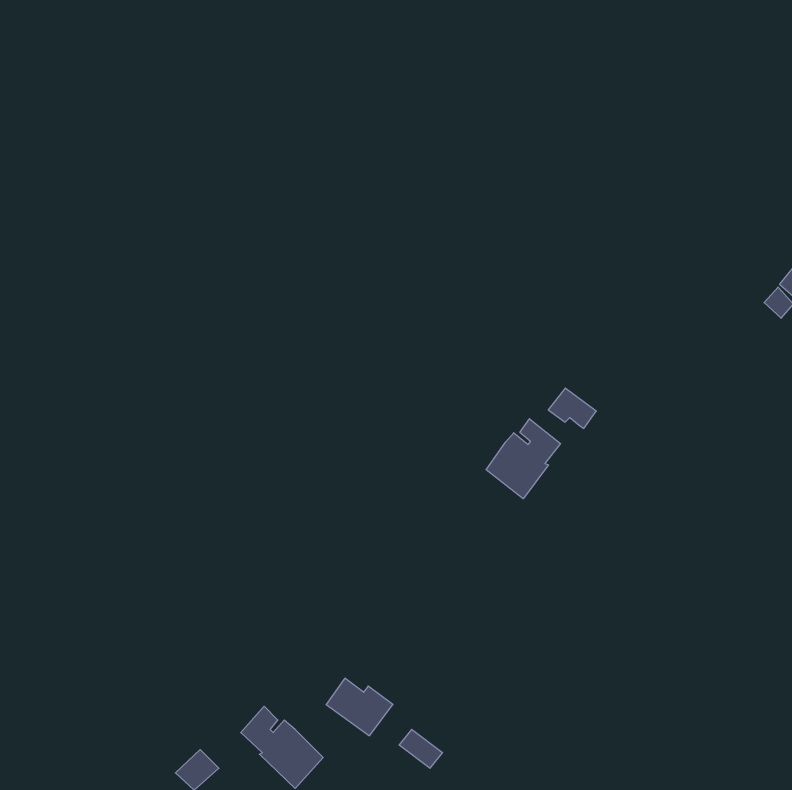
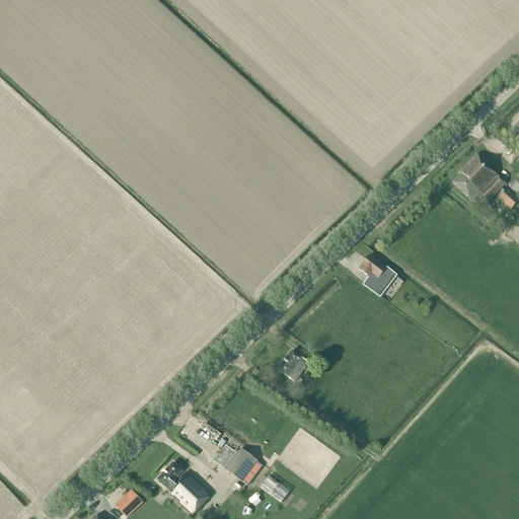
building: none -> [453,153,506,200]
building: [486,419,561,499] -> none
building: none -> [279,350,309,381]

